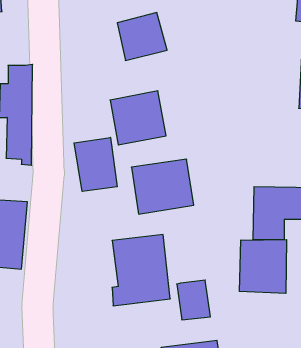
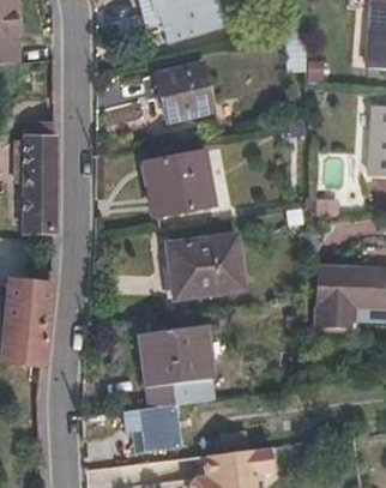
building: [74,137,117,191] -> none
building: [239,240,287,293] -> none
building: [177,280,210,320] -> [145,403,185,450]

